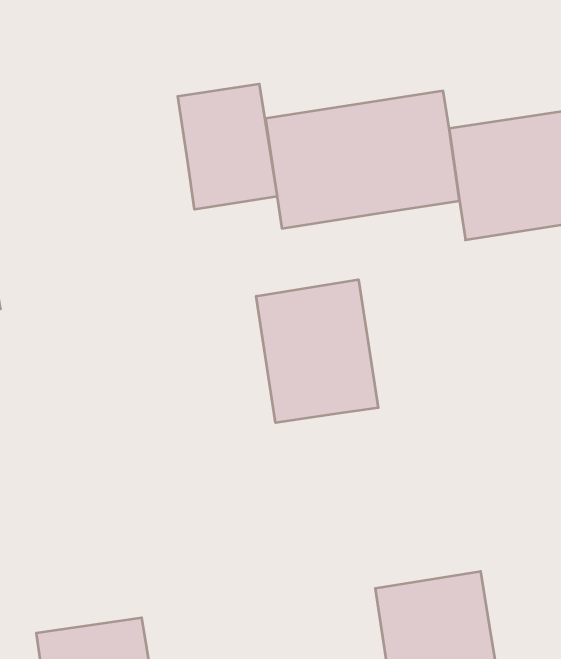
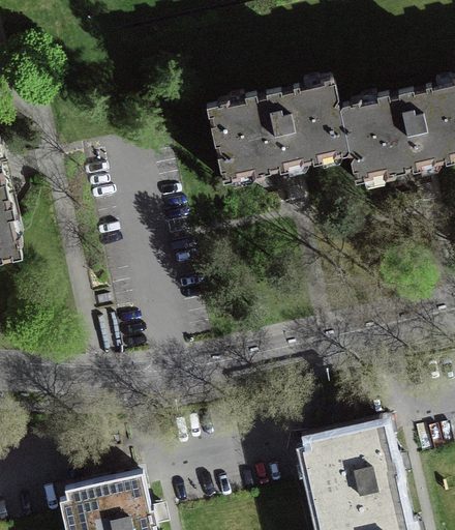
building: [178,84,277,209] -> none
building: [256,280,378,423] -> none

